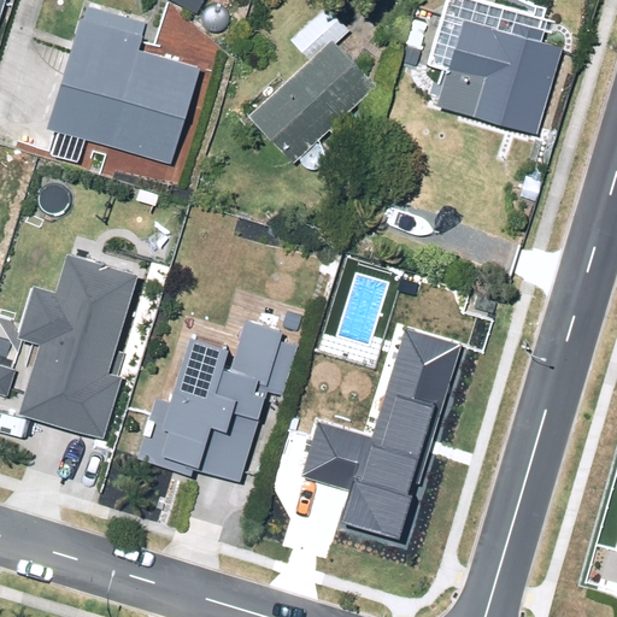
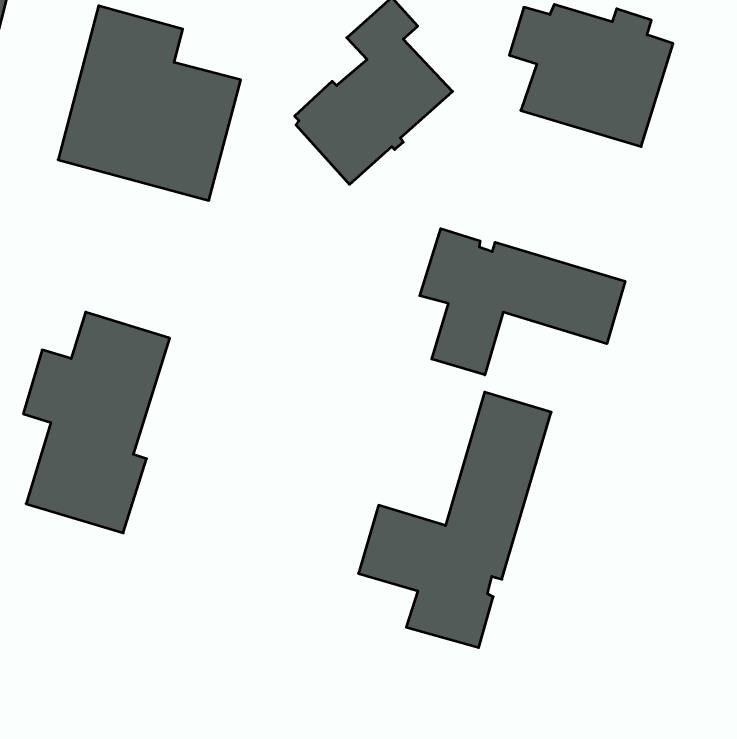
building: none -> [420,229,625,375]
building: [154,312,292,484] -> none

